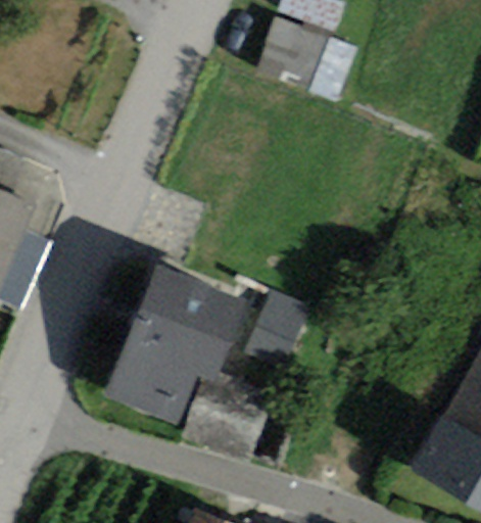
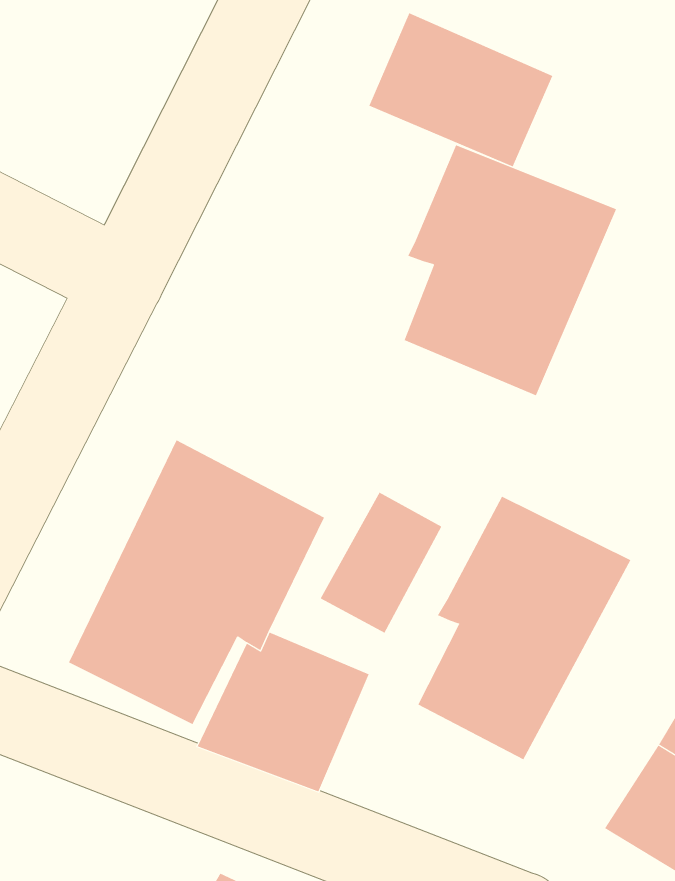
building: none -> [404,144,617,396]
building: none -> [418,496,631,760]

